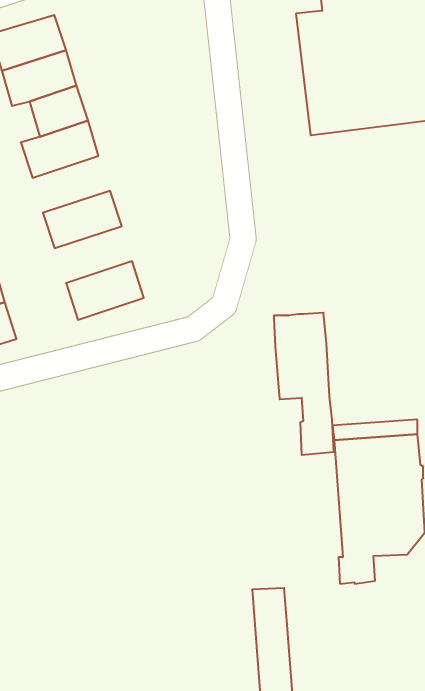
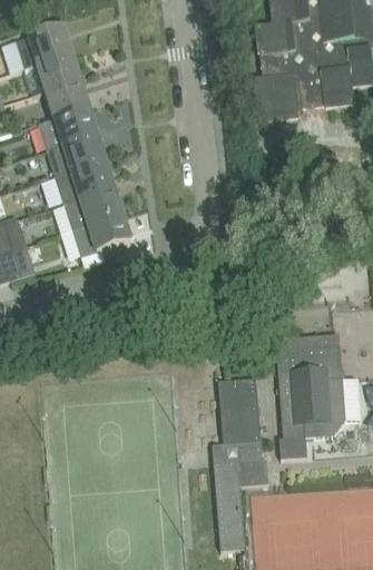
building: none -> [47,132,106,176]
building: none -> [63,186,122,229]
building: [274,313,334,455] -> [218,377,264,485]

